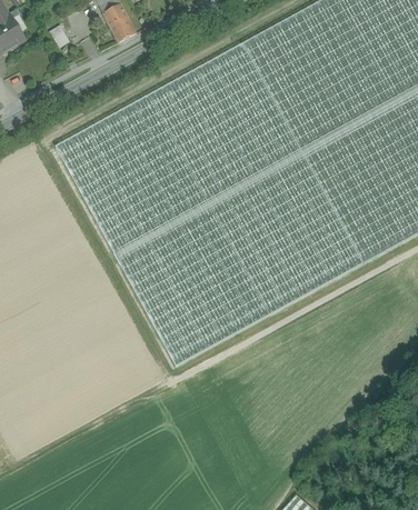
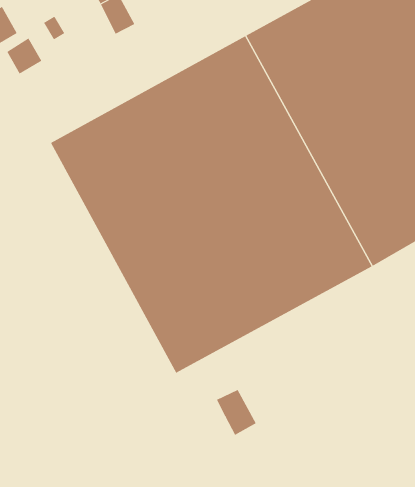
building: none -> [7,37,42,74]
building: none -> [216,389,257,436]

